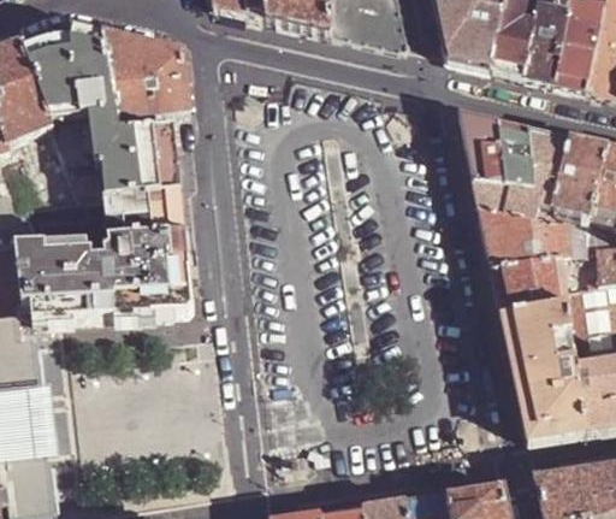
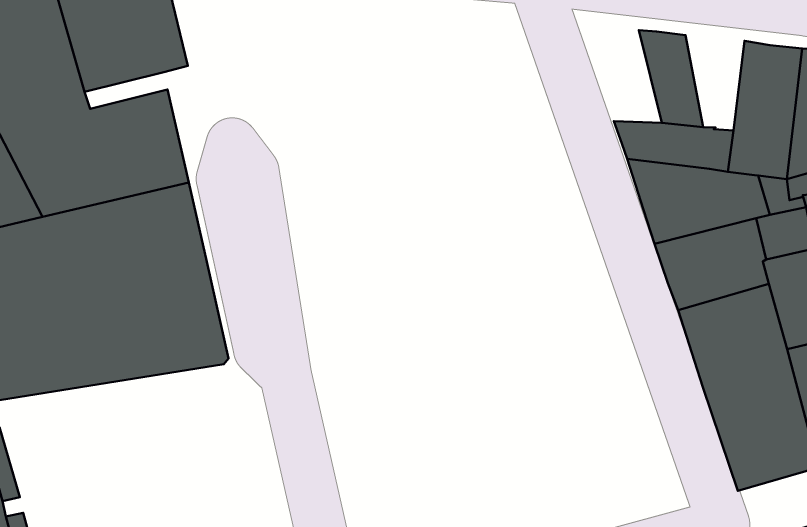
building: [458,111,507,184] -> none
building: [529,126,569,195] -> none

